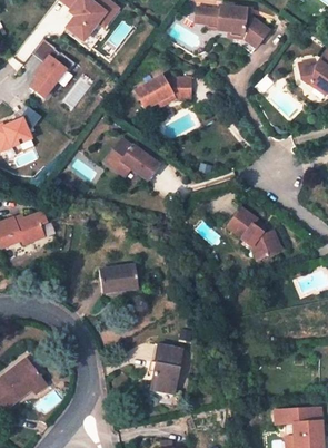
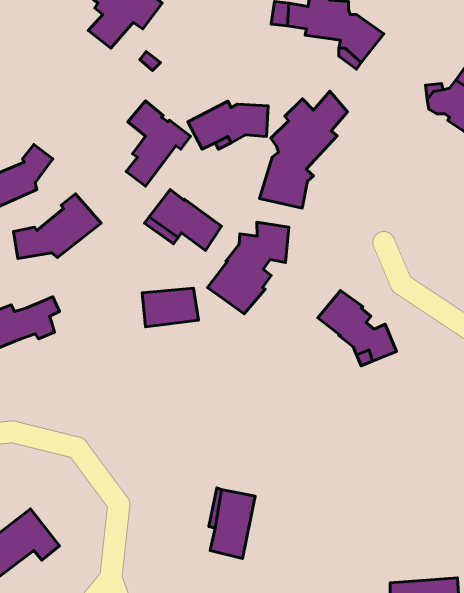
building: [31,38,76,97] -> [126,101,190,186]
building: none -> [259,91,348,208]
building: none -> [14,194,101,258]
building: none -> [208,222,289,314]
building: [100,265,139,292] -> [142,288,198,327]

